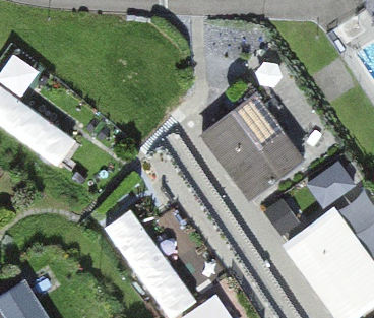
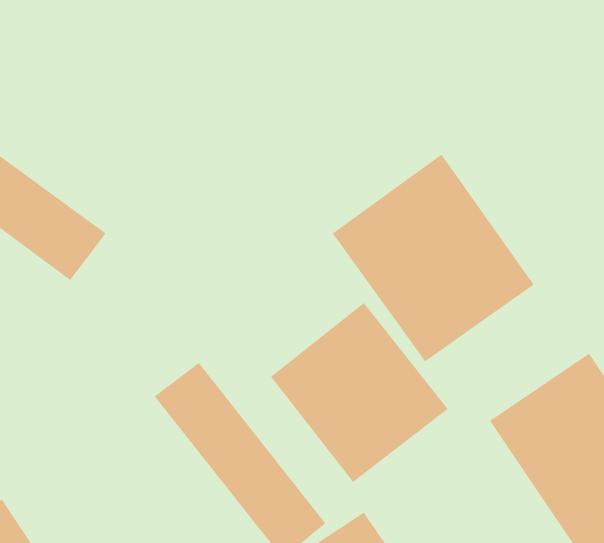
building: none -> [270,302,448,483]

